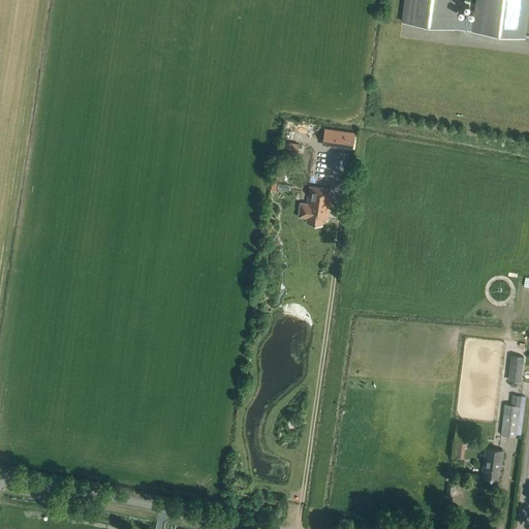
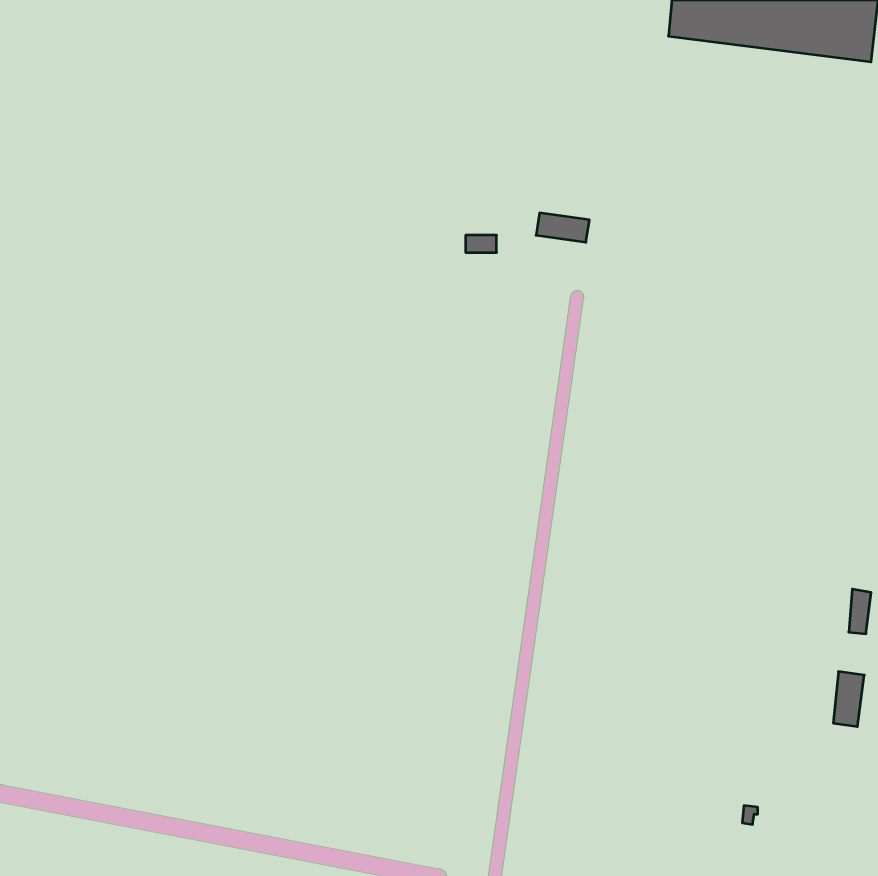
building: [299,187,332,225] -> none
building: [483,449,503,480] -> none

